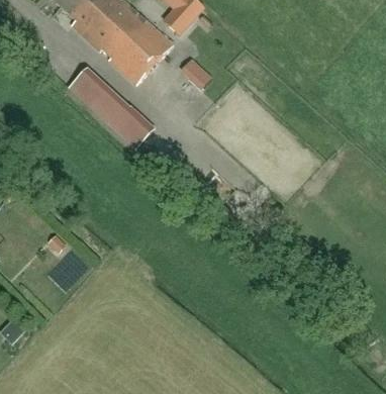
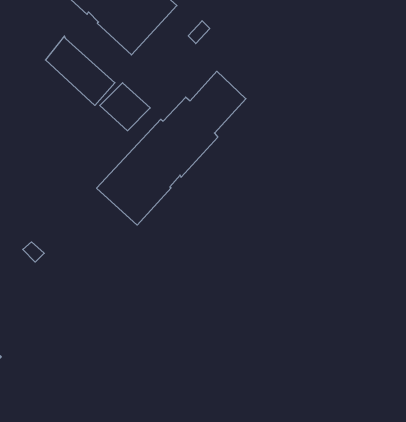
building: none -> [97,71,246,225]

